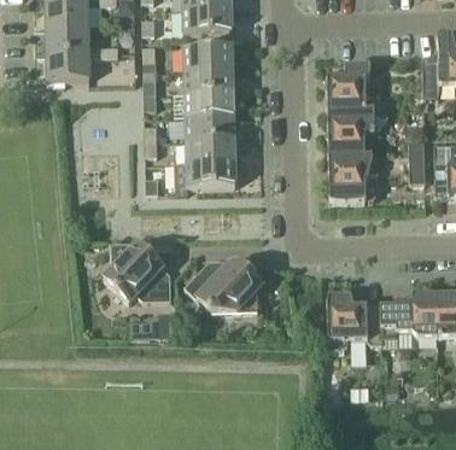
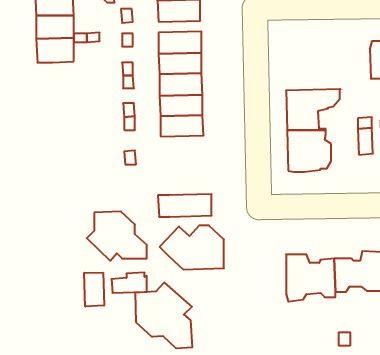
building: [327,64,390,110] -> none
building: [175,160,235,186] -> [158,194,212,217]
building: none -> [84,273,104,307]
building: none -> [135,282,192,348]

